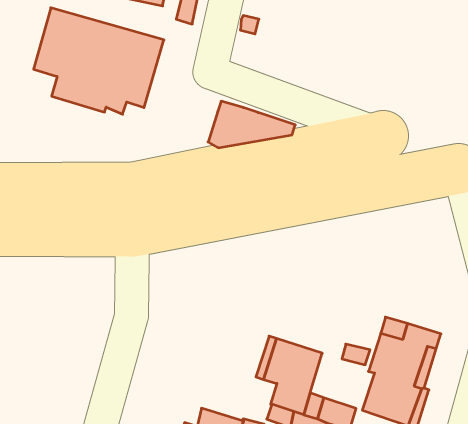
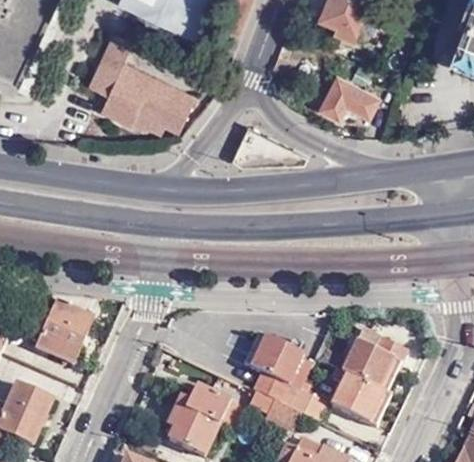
building: none -> [320,77,377,119]
building: none -> [36,299,95,363]

